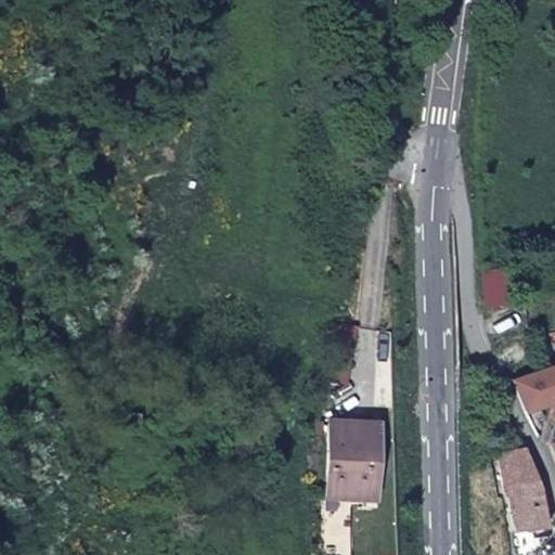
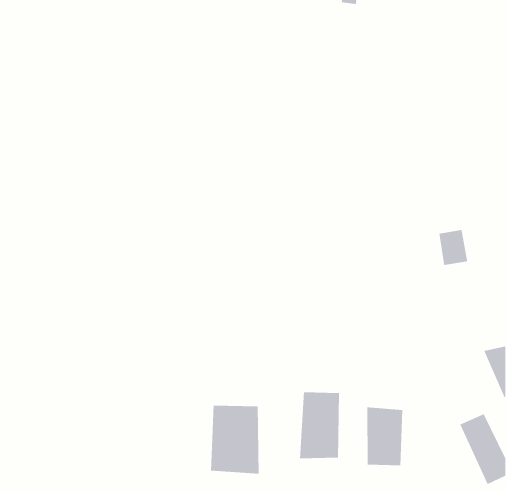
building: none -> [210,405,259,475]
building: none -> [366,407,403,466]

